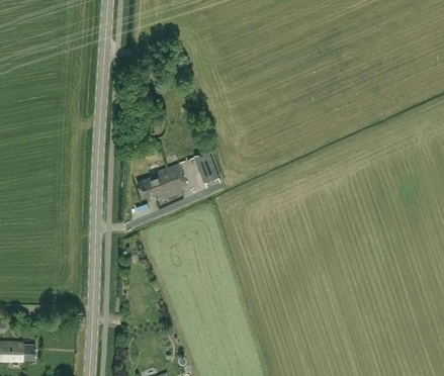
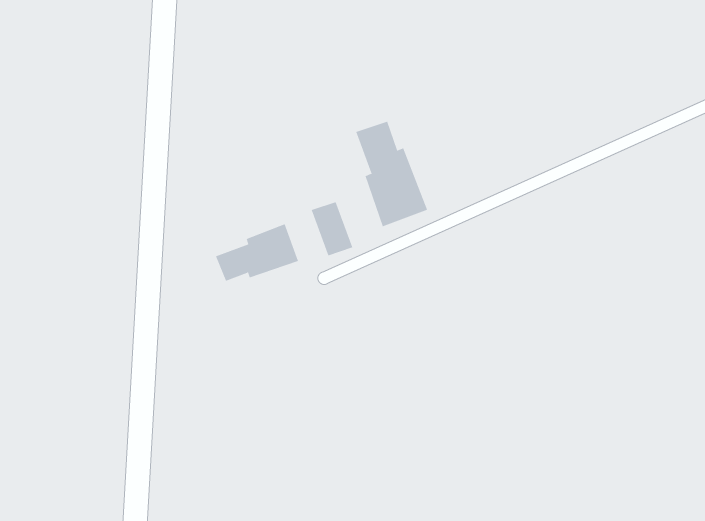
building: none -> [356,121,428,227]

